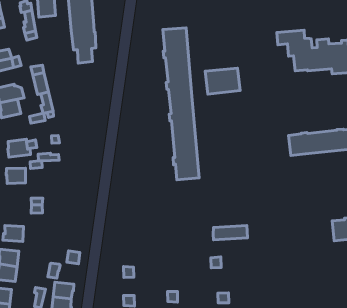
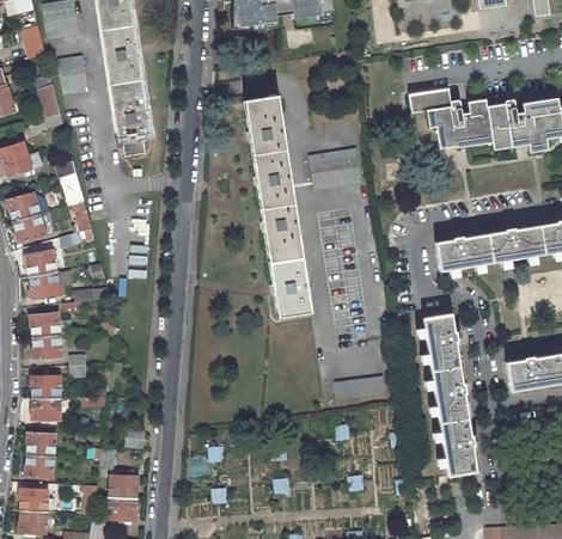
building: none -> [25,250,57,276]
building: none -> [33,335,62,359]
building: none -> [423,314,477,476]
building: none -> [32,375,61,398]

